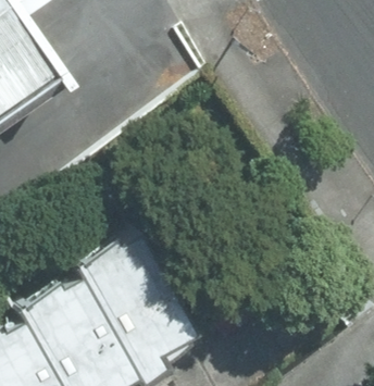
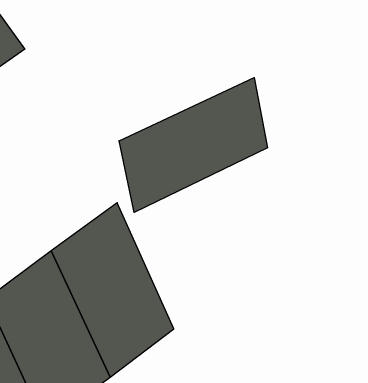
building: none -> [119,78,267,212]

